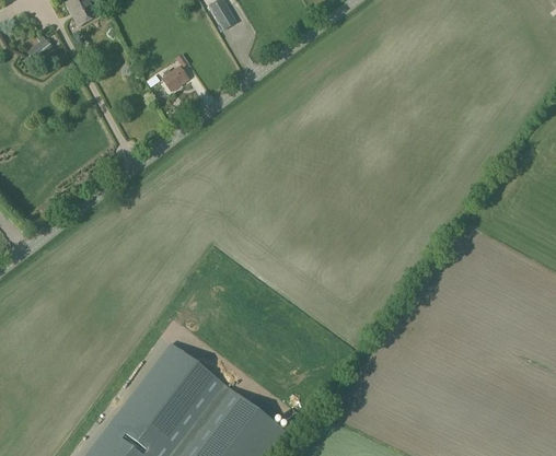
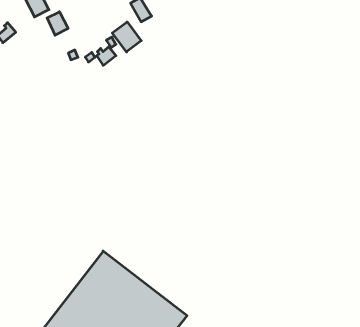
building: none -> [47,12,68,35]
building: none -> [112,22,141,52]

